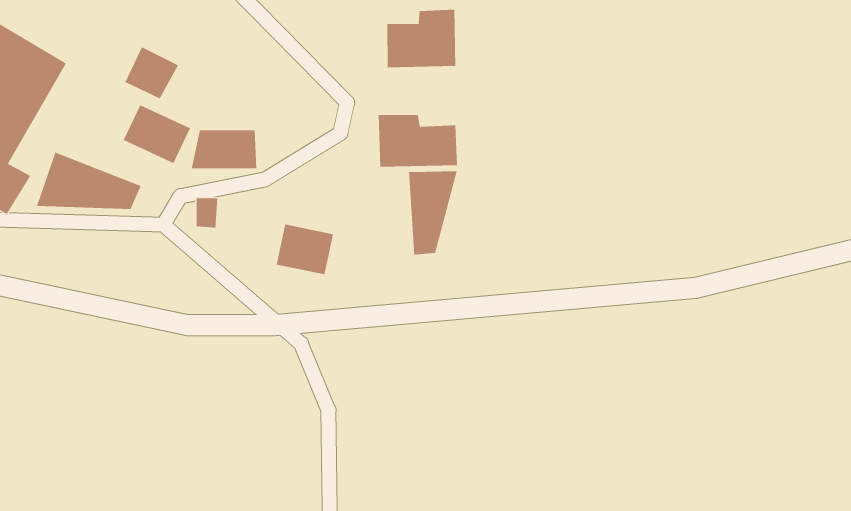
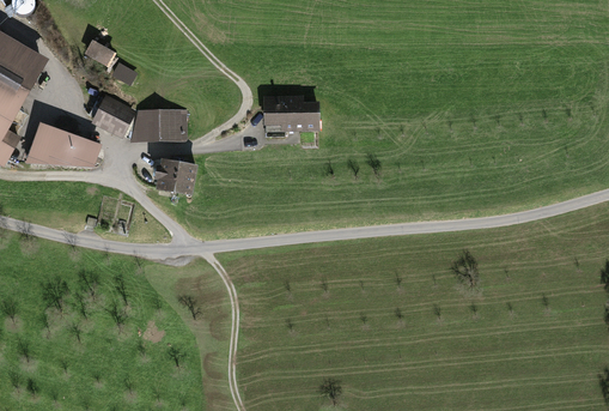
building: [387,9,456,68] -> none
building: [409,170,457,256] -> none
building: [276,224,334,275] -> [154,156,195,192]

